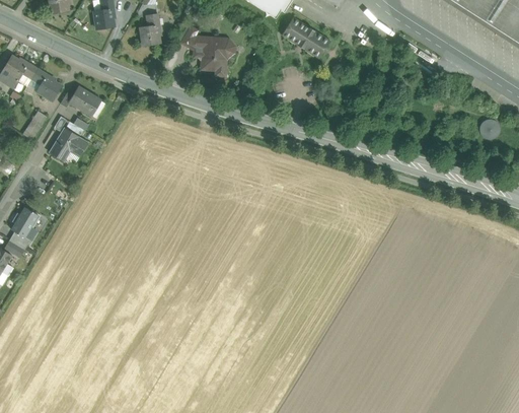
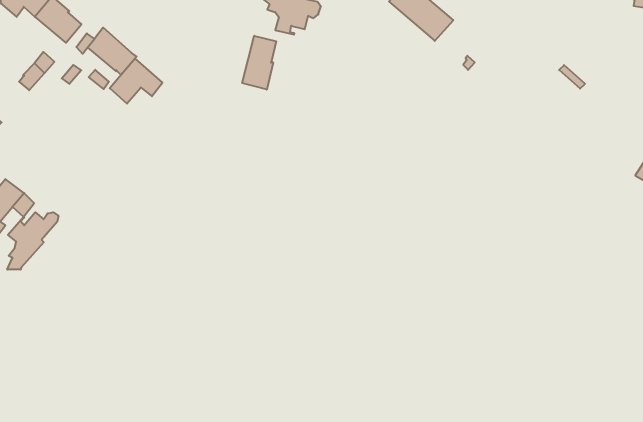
building: none -> [242,36,276,90]
building: [50,127,87,160] -> [110,59,162,104]
building: none -> [7,212,58,270]

